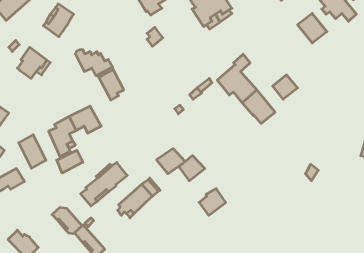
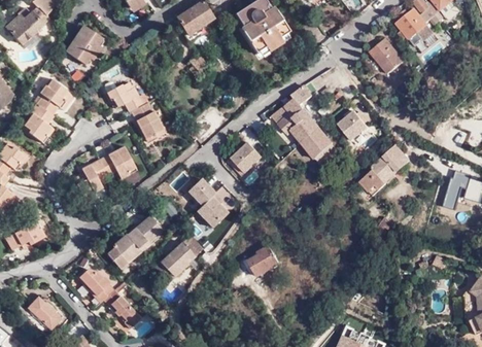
building: none -> [22,105,53,143]
building: none -> [234,141,270,174]
building: none -> [361,145,412,196]
building: [19,135,46,168] -> none
building: [57,150,83,173] -> none
building: [179,156,205,181] -> [191,176,221,206]

